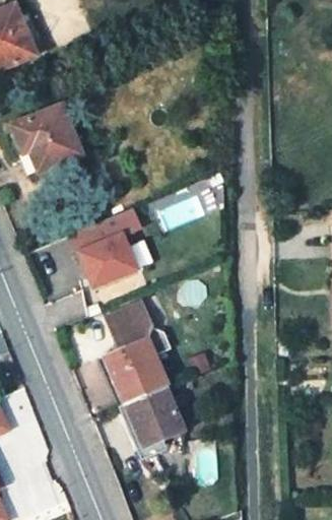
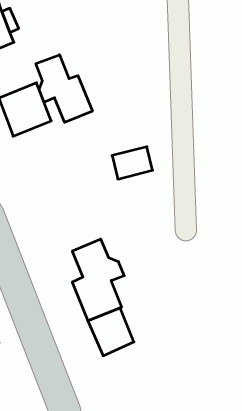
building: none -> [36,55,92,122]
building: [70,205,144,290] -> none

